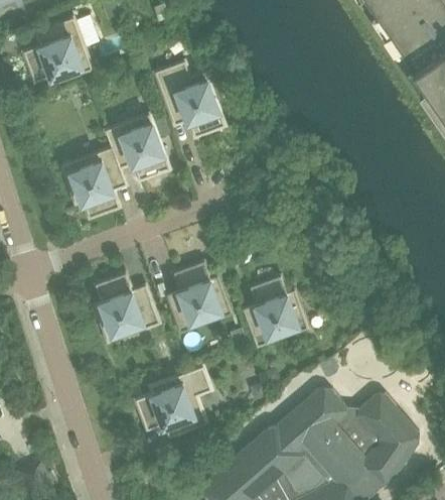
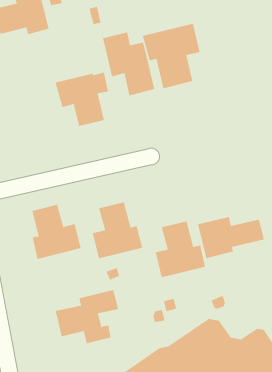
building: none -> [142,23,201,89]
building: [61,147,124,218] -> none
building: none -> [197,216,265,259]

